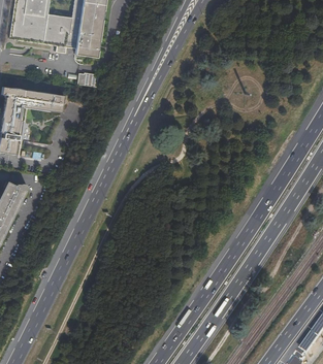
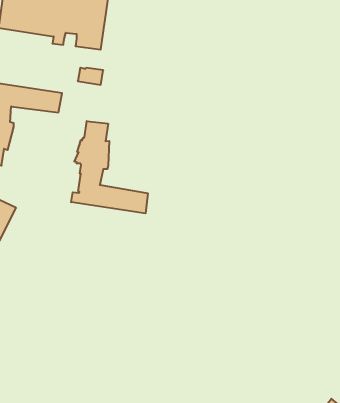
building: none -> [71,121,148,213]

